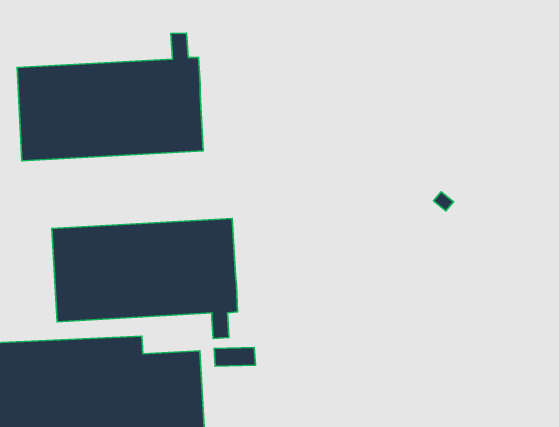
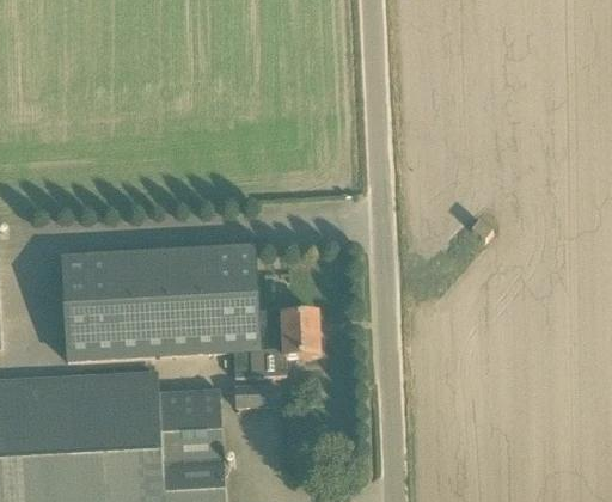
building: [17,33,203,161] -> none
building: none -> [249,311,318,374]

